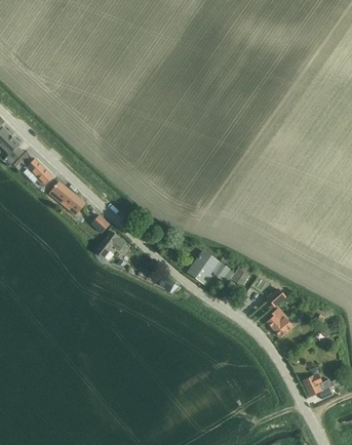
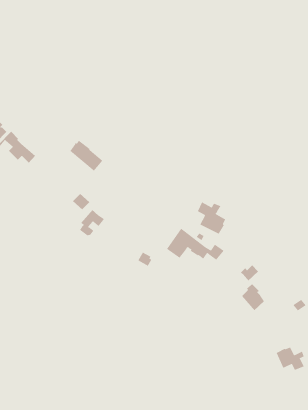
building: [49,181,84,214] -> [69,140,103,172]
building: none -> [197,201,226,235]

